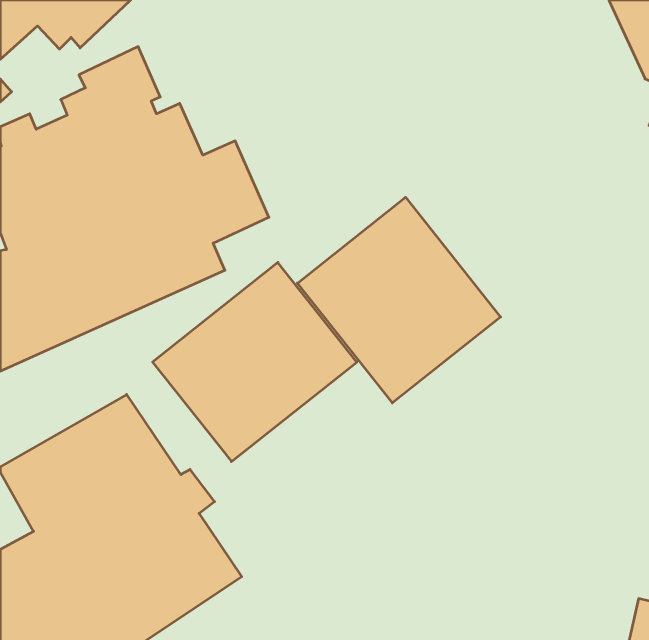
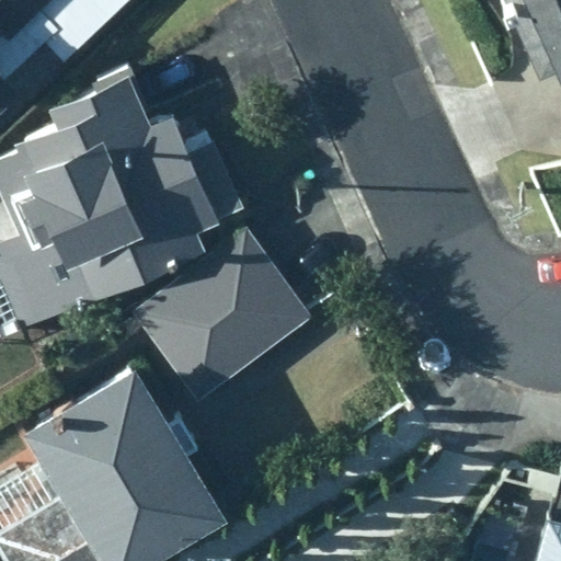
building: [297,197,501,403] -> none

